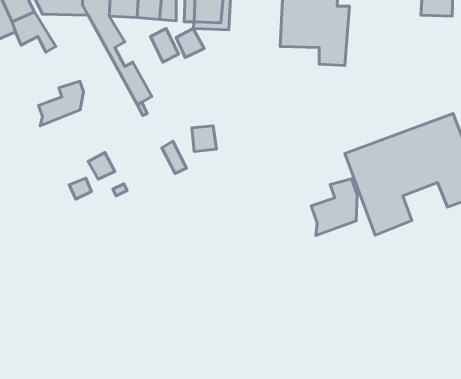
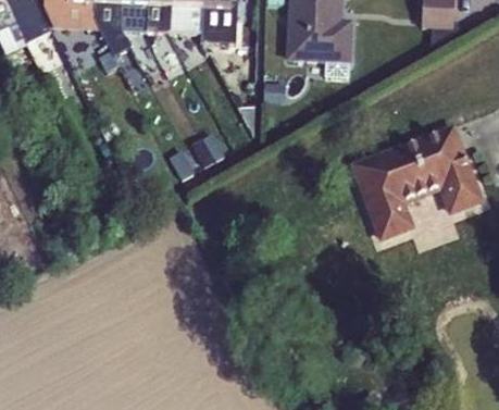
building: [38,81,84,126] -> none
building: [311,179,357,236] -> none

